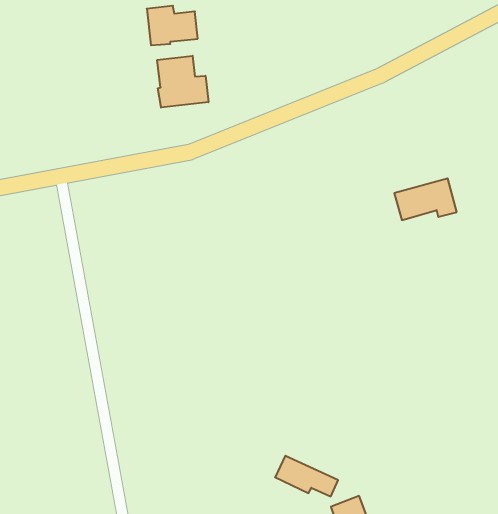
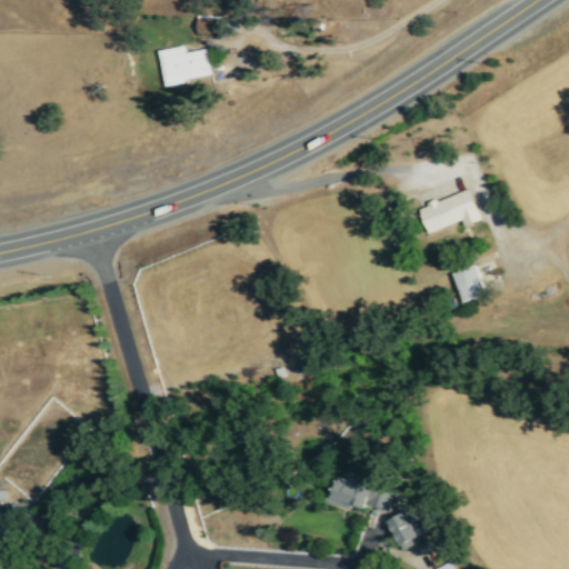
building: [157,56,208,108] -> none
building: none -> [452,267,486,305]

